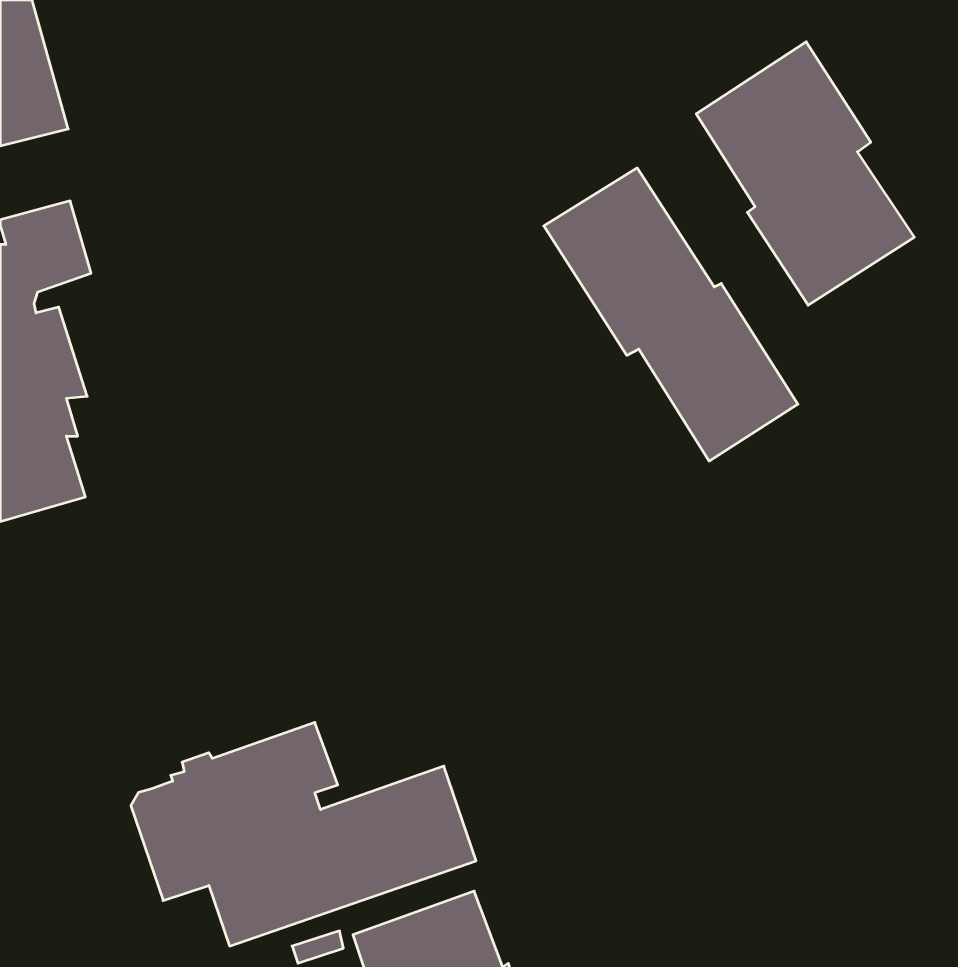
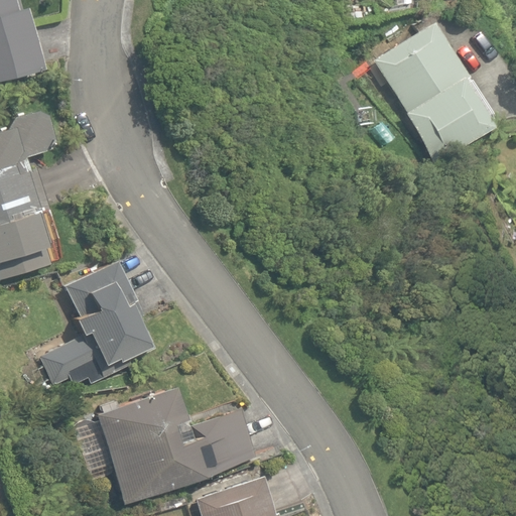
building: [544,168,798,461] -> none
building: none -> [41,259,152,388]

